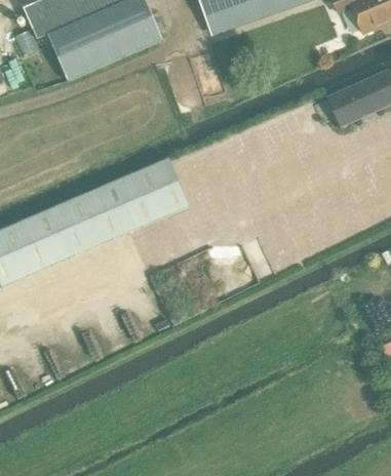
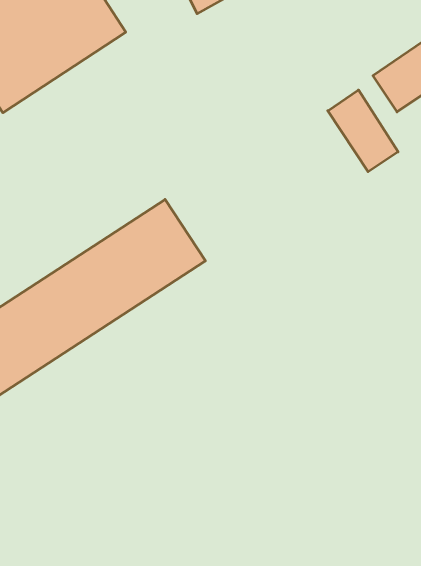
building: none -> [328,90,398,172]

